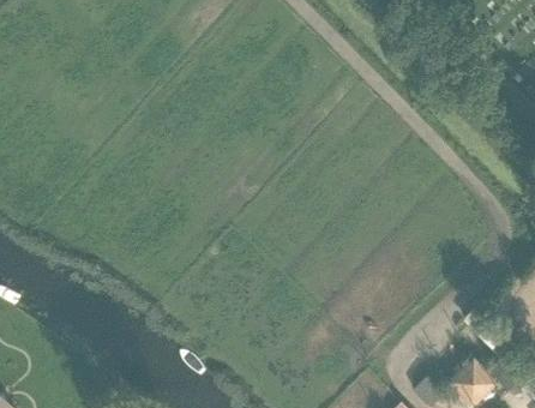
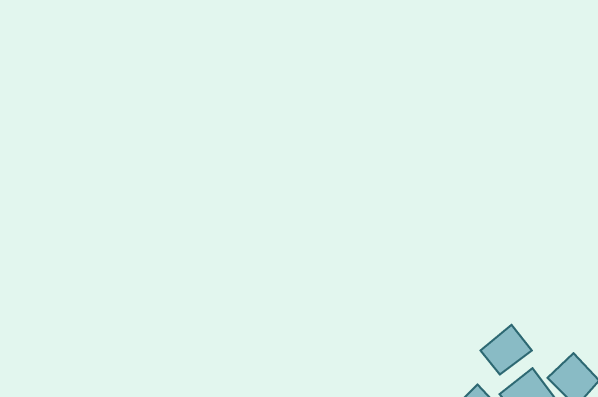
building: none -> [480,325,532,375]

